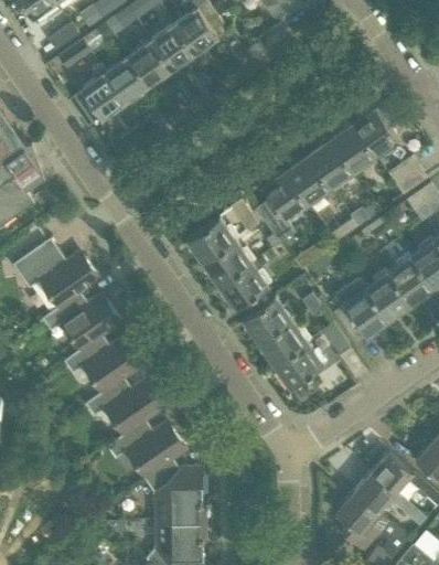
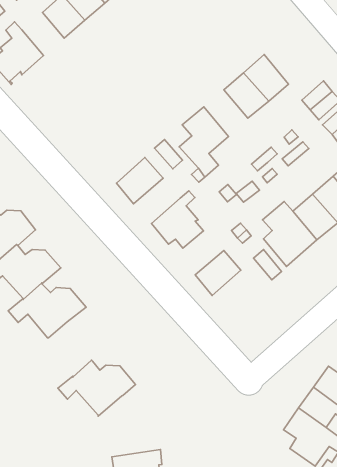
building: [106,58,149,103] -> none
building: [353,109,399,158] -> none
building: [286,157,330,205] -> none
building: [203,242,251,287] -> none
building: [243,298,291,344] -> none
building: [275,344,323,390] -> none
building: [84,380,164,437] -> none
building: [143,461,205,523] -> none

